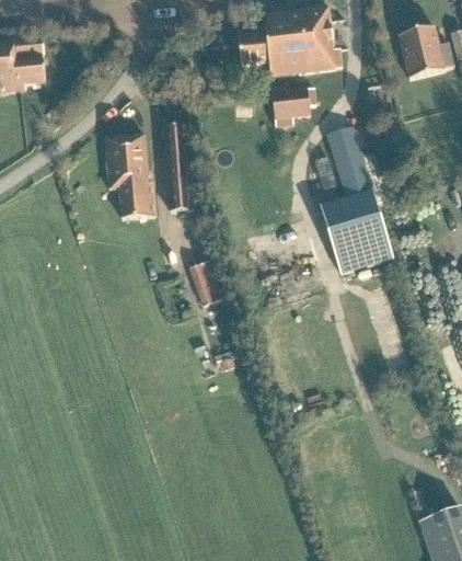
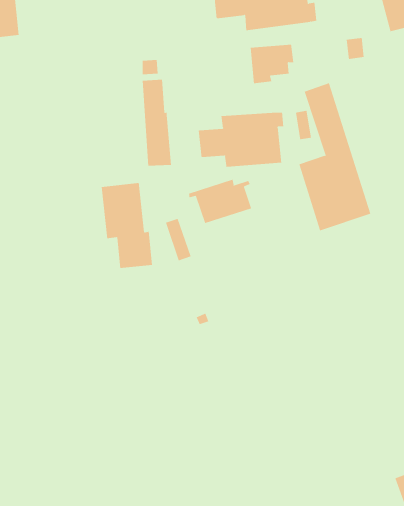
building: [105,131,157,217] -> [101,183,153,268]
building: none -> [198,112,284,168]
building: none -> [188,179,252,224]

